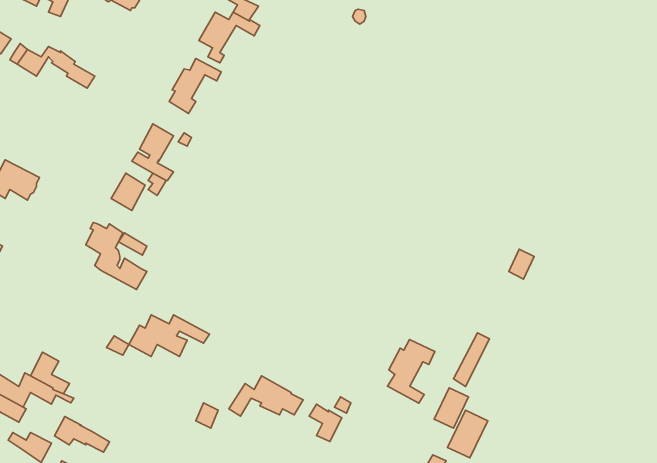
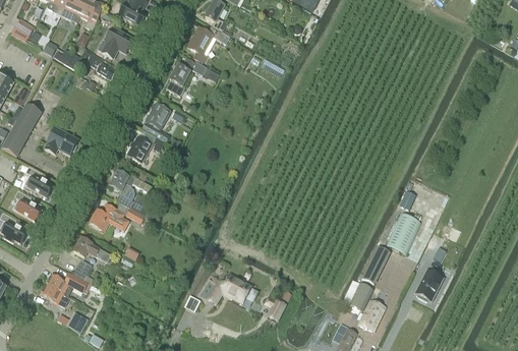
building: none -> [97,27,133,57]
building: none -> [386,213,420,254]
building: [129,315,209,357] -> [90,202,145,231]
building: [388,339,435,403] -> none
building: none -> [415,270,443,301]
building: [54,416,110,452] -> [73,237,111,261]

